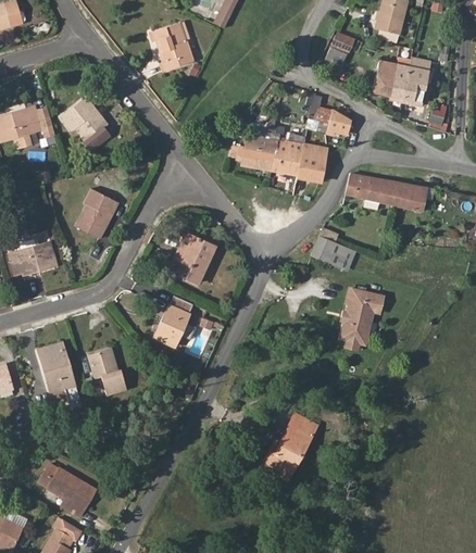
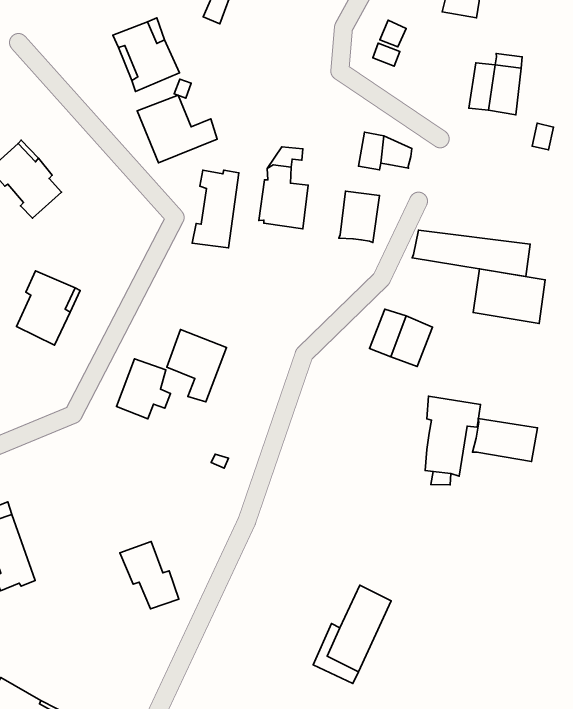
building: [373,61,396,95] -> none
building: none -> [137,95,217,163]
building: none -> [192,170,239,248]
building: [272,140,302,175] -> none
building: none -> [473,269,545,323]
building: [153,304,190,345] -> [117,359,170,419]
building: none -> [472,418,538,462]
building: [87,348,125,393] -> [120,541,179,609]

